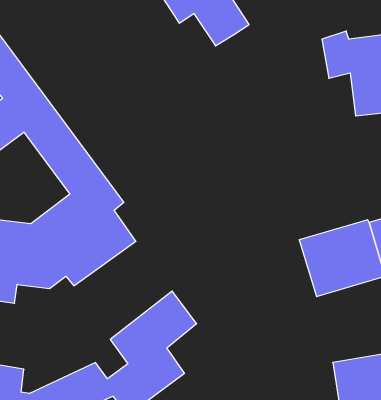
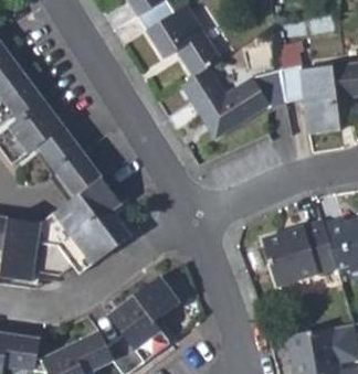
building: none -> [179,66,286,139]

